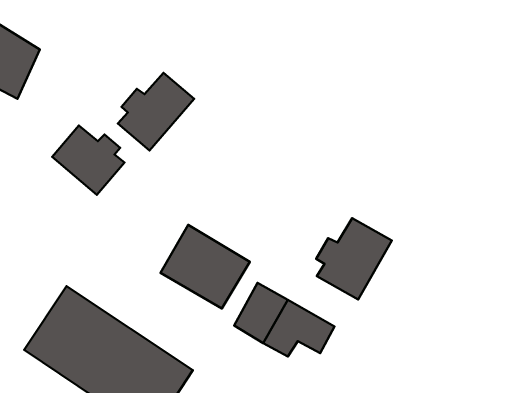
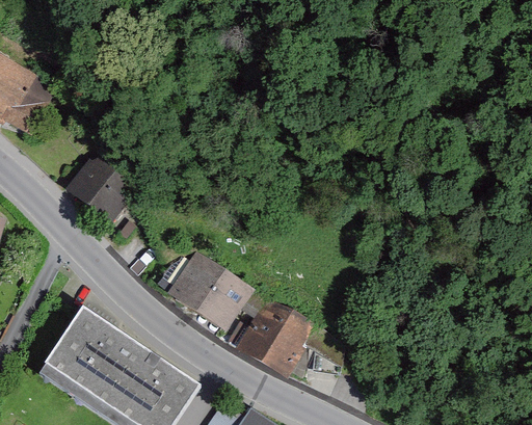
building: [118,73,194,150] -> none
building: [316,218,392,299] -> none

